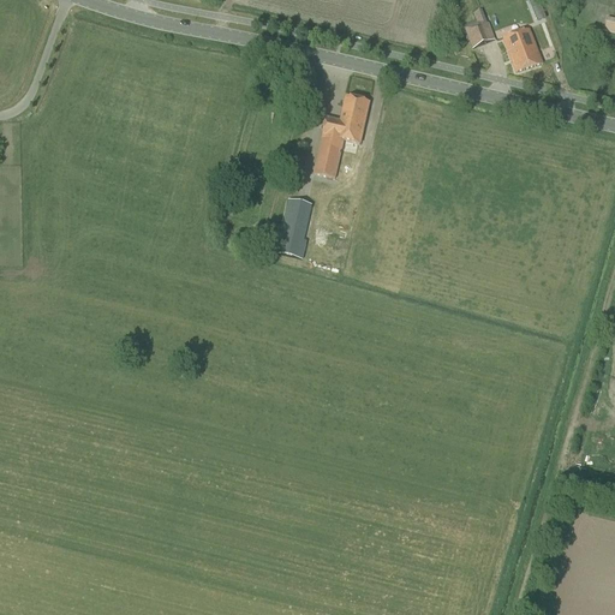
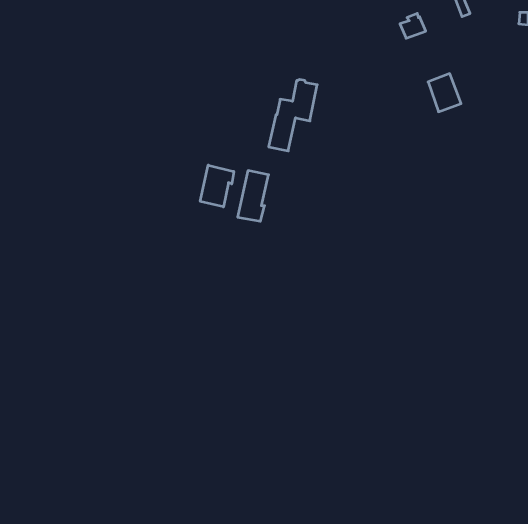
building: [503,25,542,70] -> [428,74,461,112]
building: none -> [200,165,234,207]

